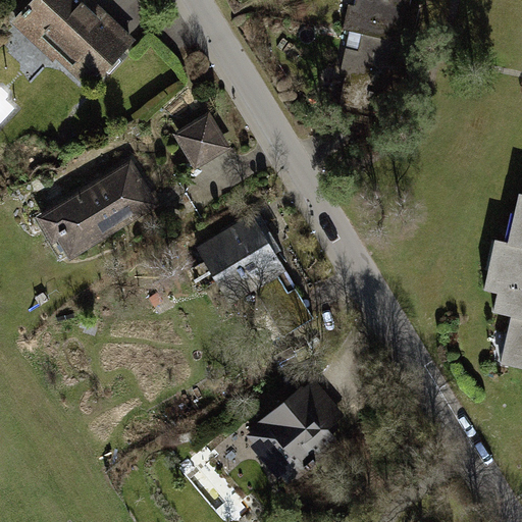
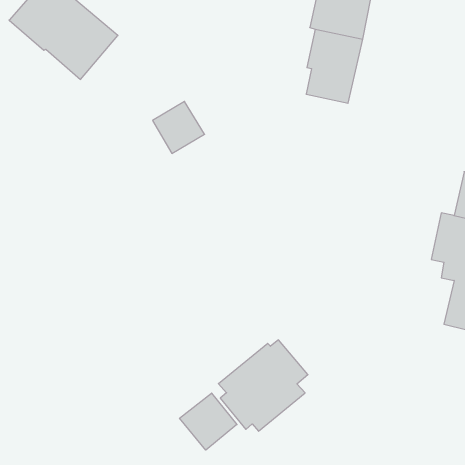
building: [32,158,157,260] -> none
building: [196,214,277,294] -> none
building: none -> [180,393,237,450]

